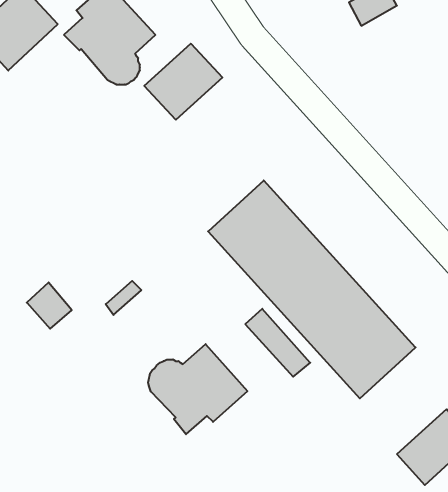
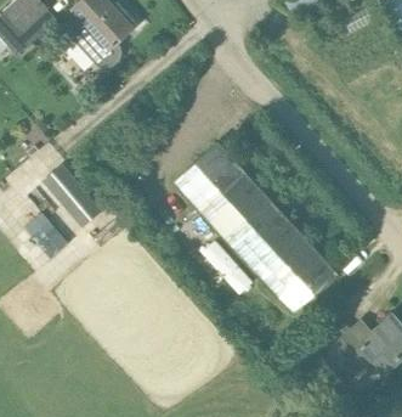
building: [144,44,222,120] -> none
building: none -> [45,167,101,226]
building: [148,344,247,434] -> none

